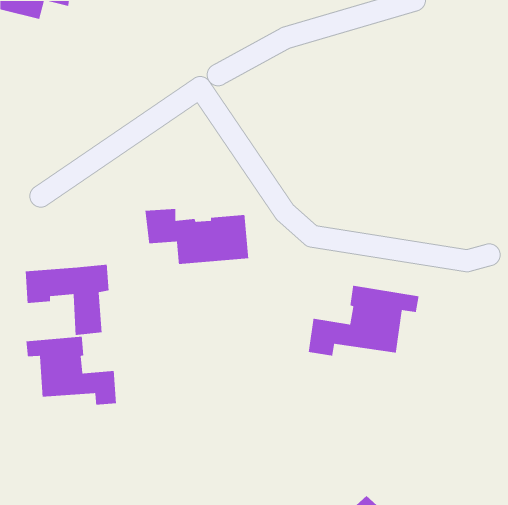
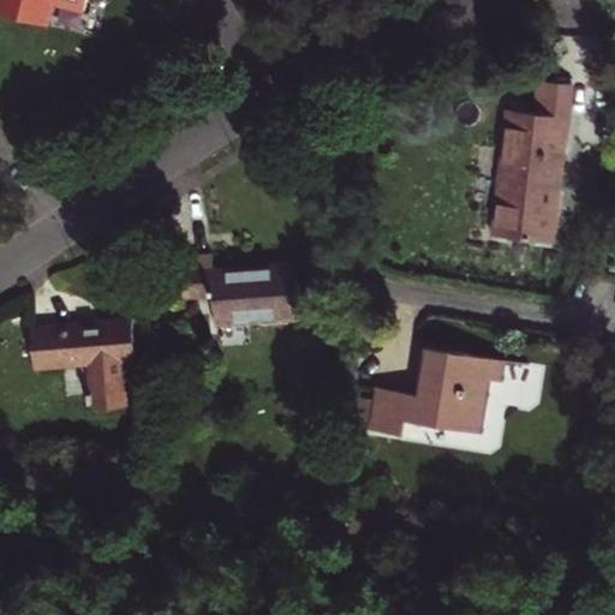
building: none -> [491,80,572,244]
building: [25,336,117,405] -> none

